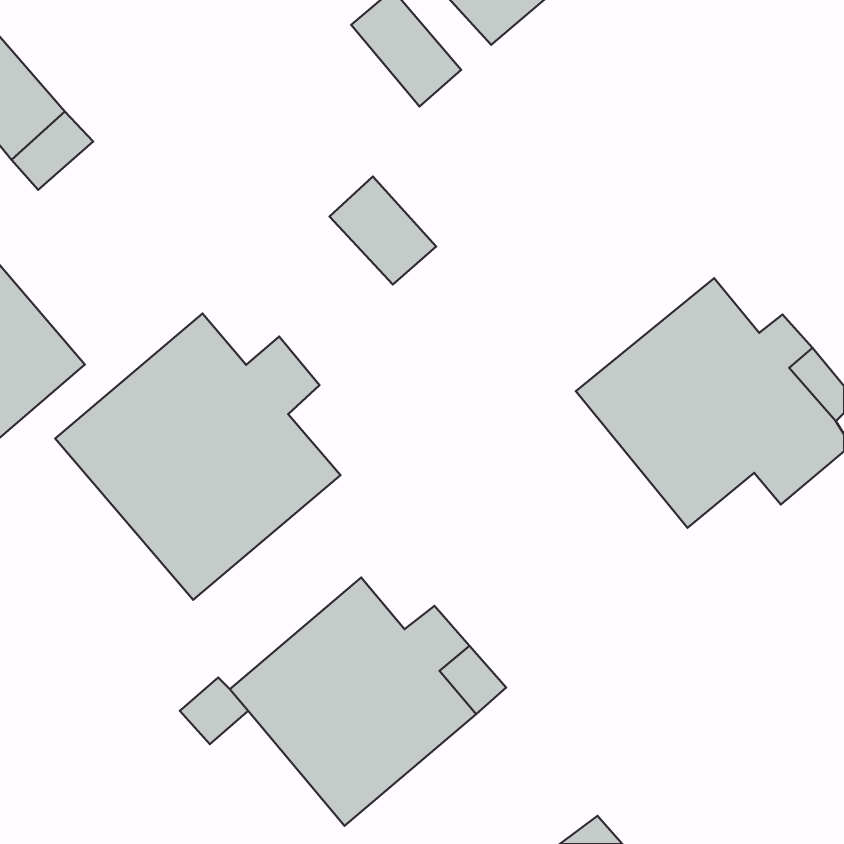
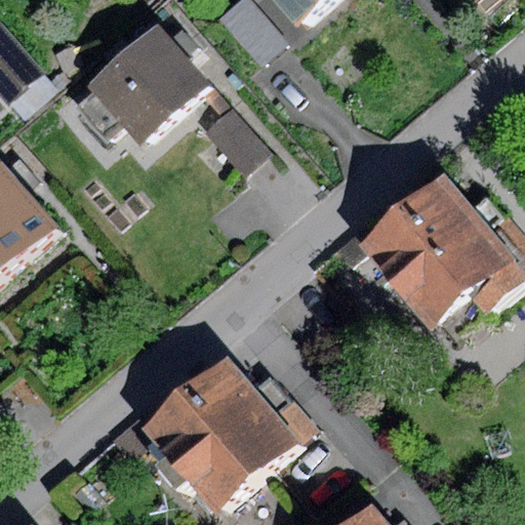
building: none -> [79,28,211,149]
building: [55,313,340,600] -> none

